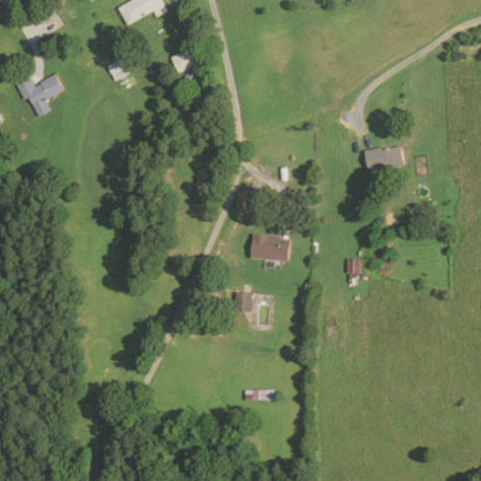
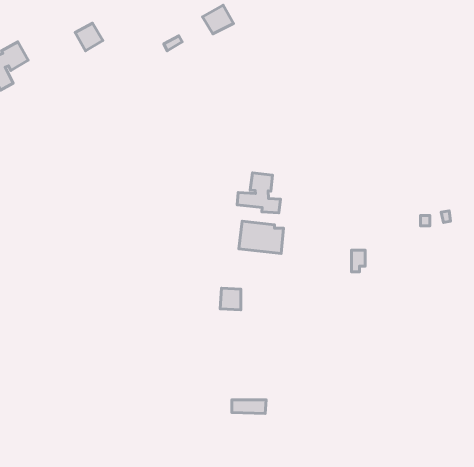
building: [171,48,199,73] -> [202,5,233,34]
building: [365,145,406,170] -> none
building: none -> [237,173,281,213]

